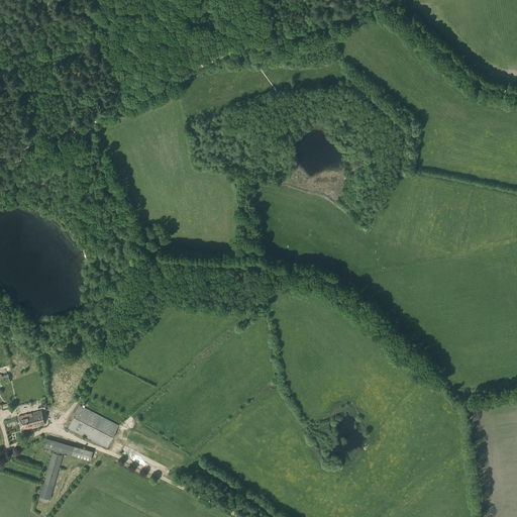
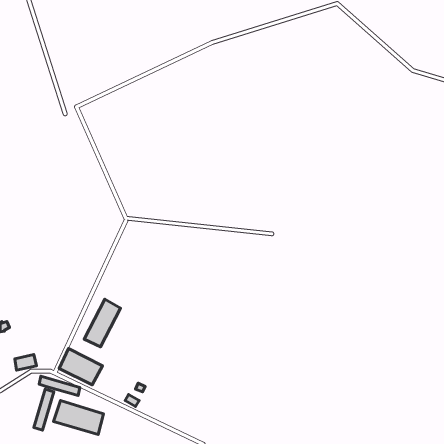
building: none -> [84,299,121,347]
building: none -> [54,401,104,435]

